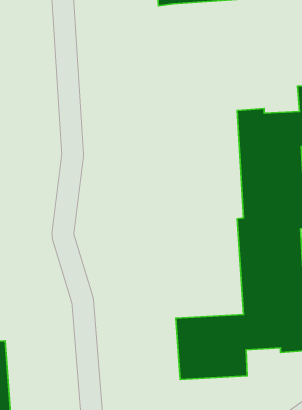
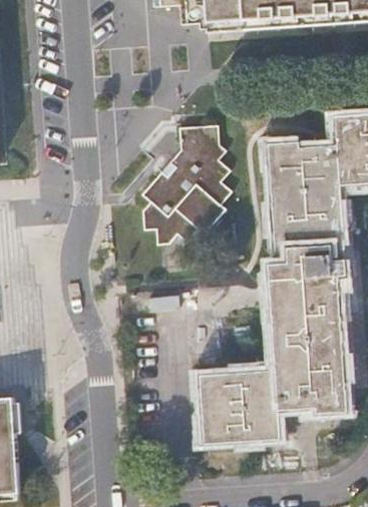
building: none -> [142,125,232,244]

